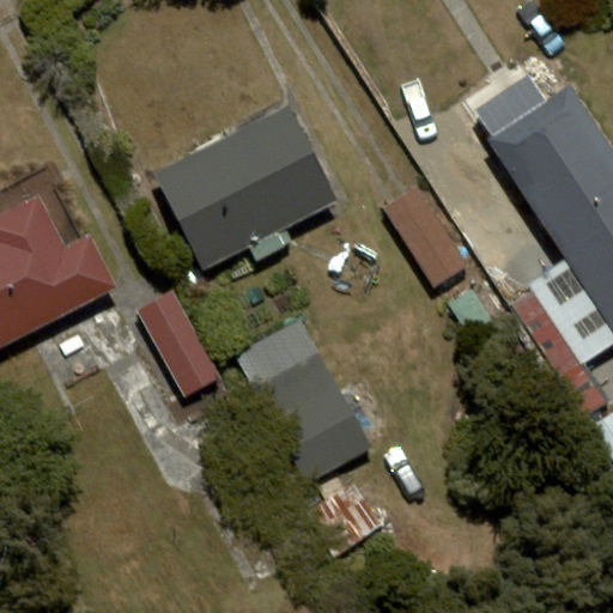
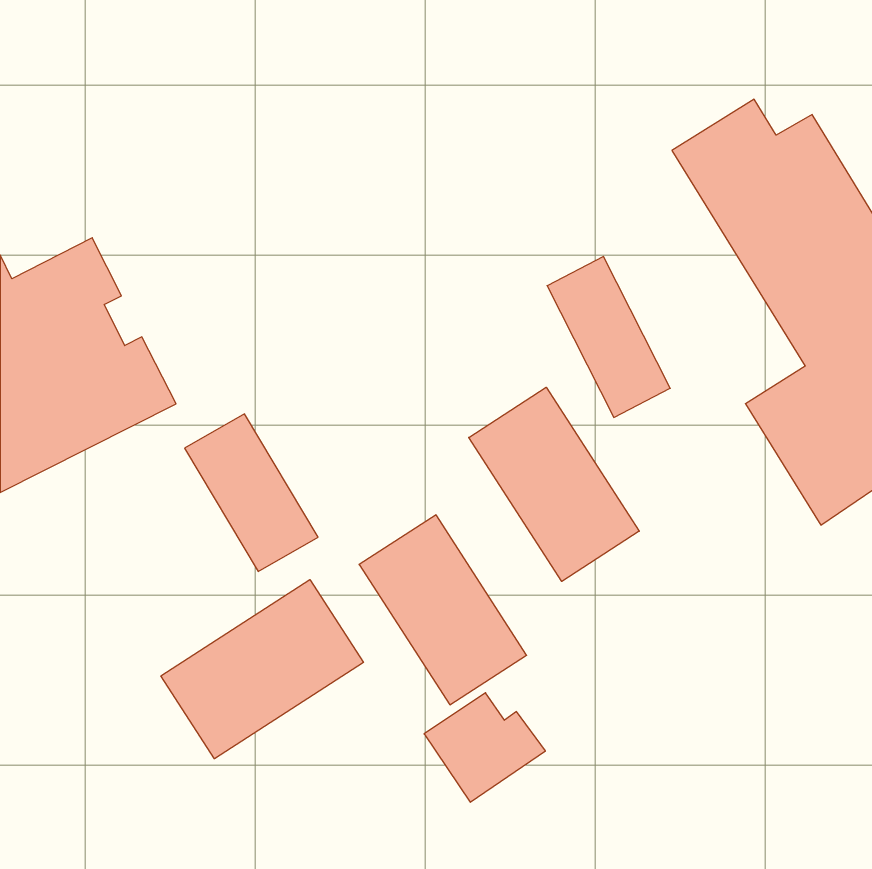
building: [136,103,339,280] -> none
building: none -> [469,387,639,581]
building: none -> [161,580,363,759]

